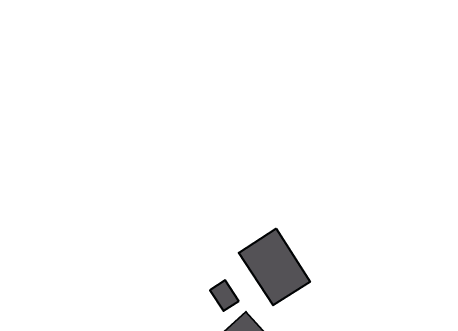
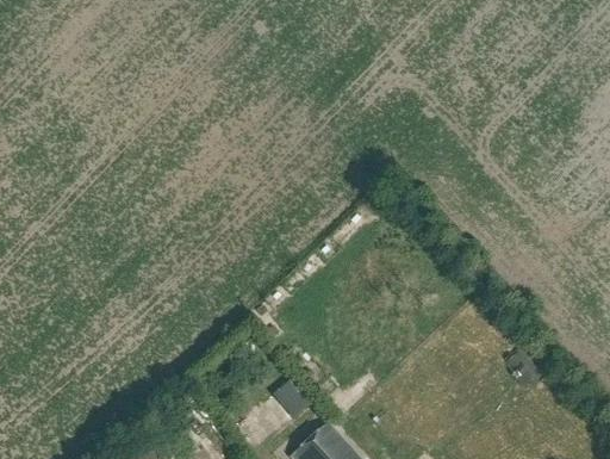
building: [239,229,310,305] -> none

